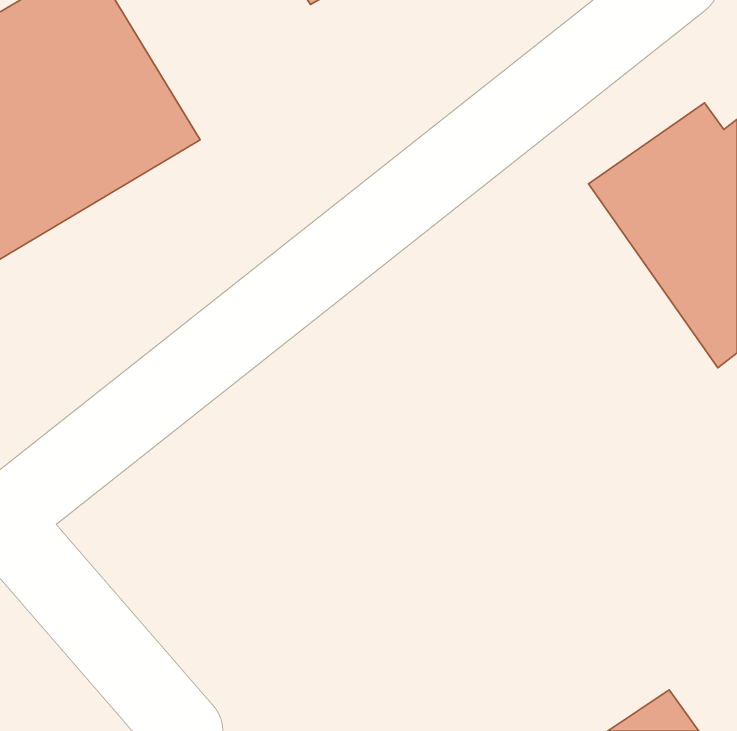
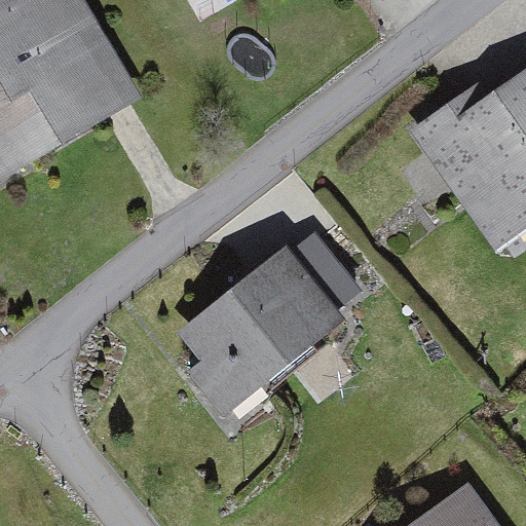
building: none -> [178,237,360,421]

